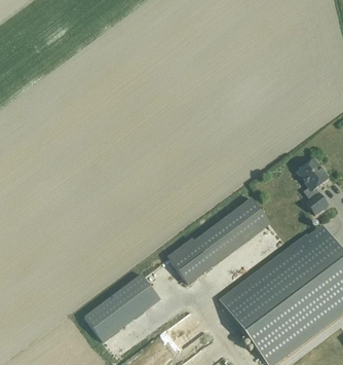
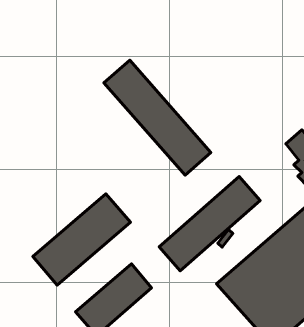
building: none -> [104,60,211,175]
building: none -> [33,194,130,285]

